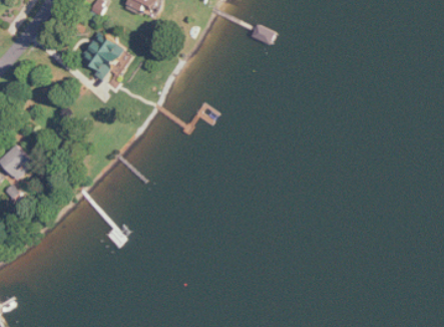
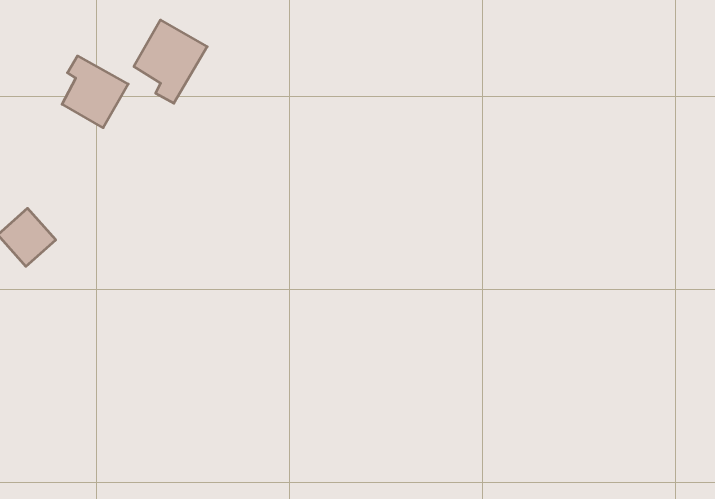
building: none -> [62,56,128,128]

